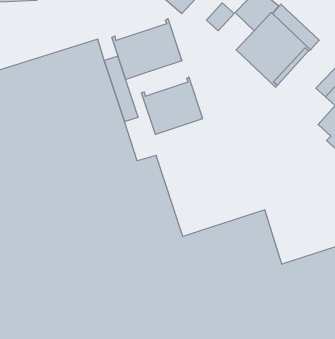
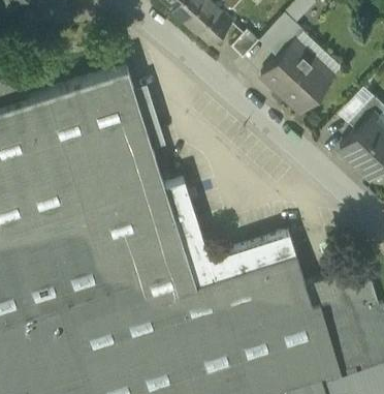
building: [112,19,182,80] -> none
building: [142,77,203,134] -> none

